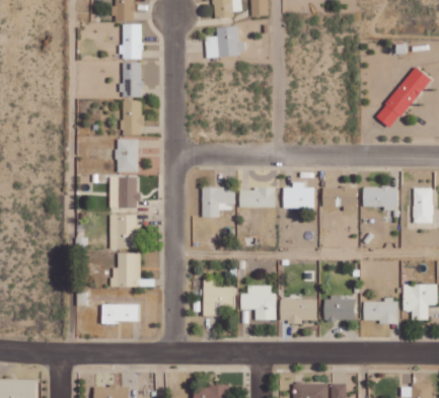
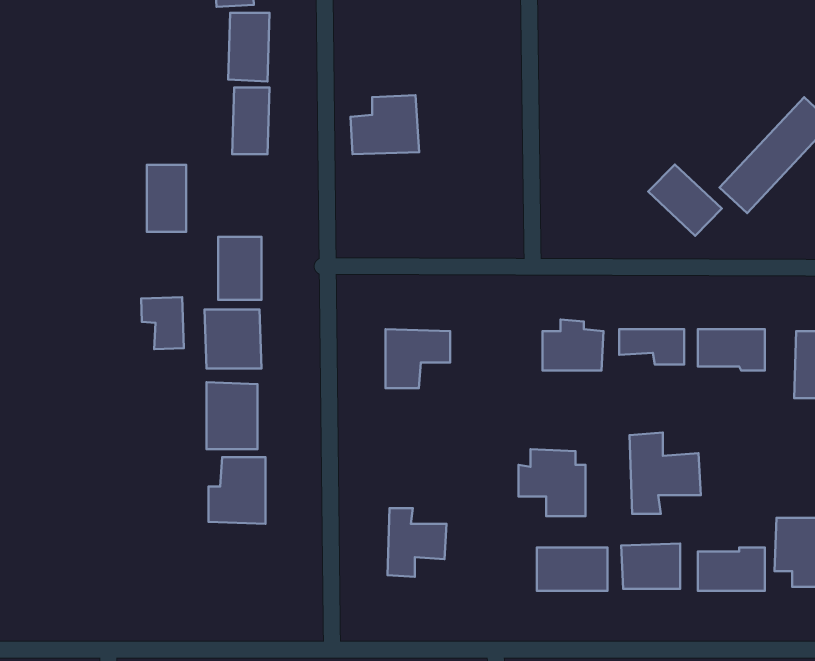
building: [205,26,240,57] -> [350,95,419,154]
building: [122,100,142,135] -> [147,165,186,232]
building: none -> [648,165,722,236]
building: none -> [141,297,184,349]
building: [239,188,276,208] -> none
building: none -> [630,433,701,514]
building: [241,286,276,320] -> [519,449,585,516]
building: [105,305,138,321] -> none

